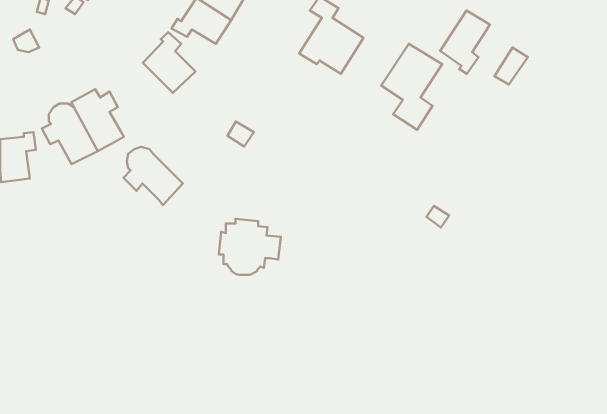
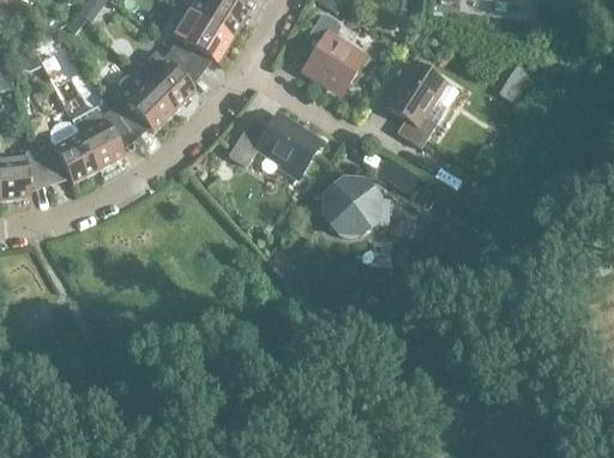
building: [440,10,490,74] -> none
building: none -> [258,114,320,182]
building: [123,147,183,205] -> [115,73,175,132]
building: [219,219,281,275] -> [325,180,387,236]

